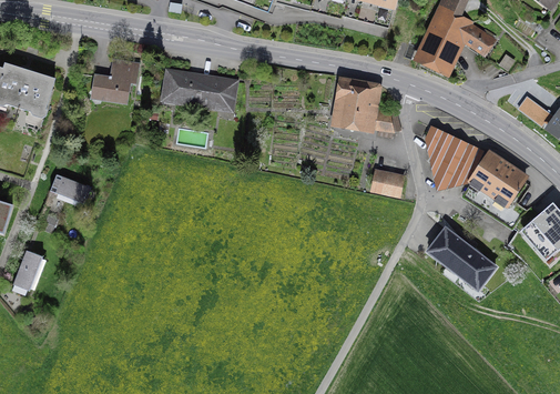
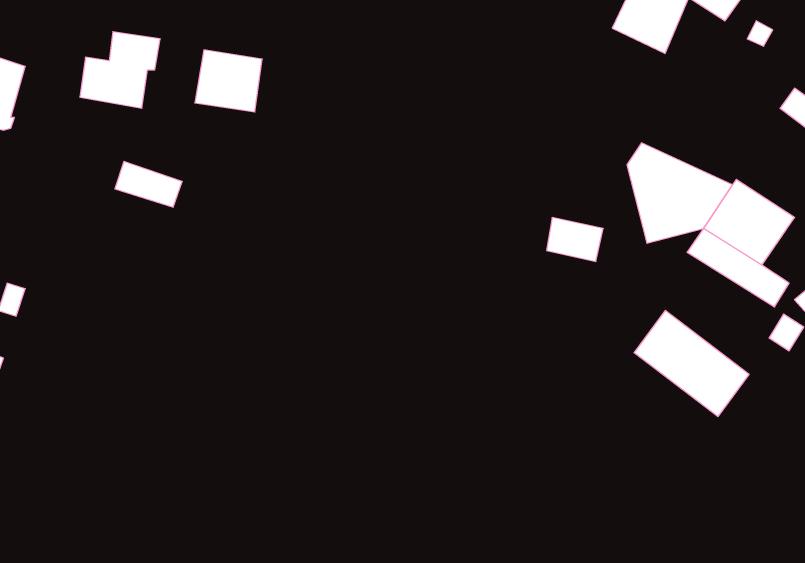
building: [197,74,240,113] -> none
building: [333,77,394,137] -> none
building: [51,175,92,203] -> [115,161,182,207]

